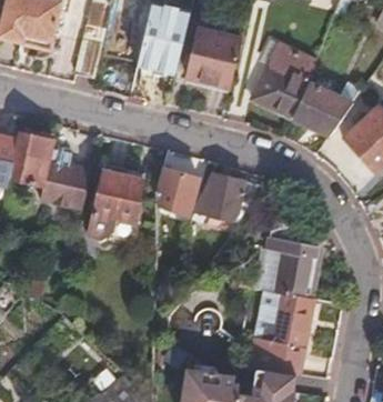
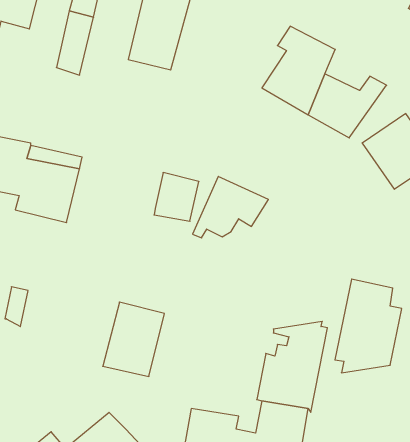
building: [188,32,242,91] -> none
building: [93,172,147,237] -> [103,302,164,376]
building: [258,221,315,302] -> [335,279,402,373]

